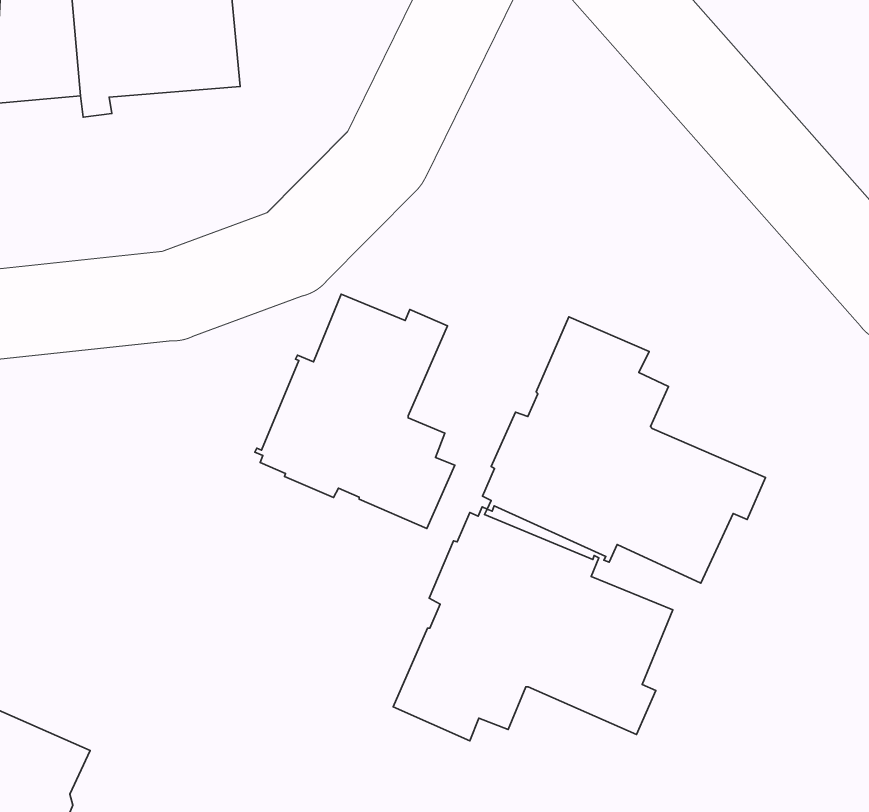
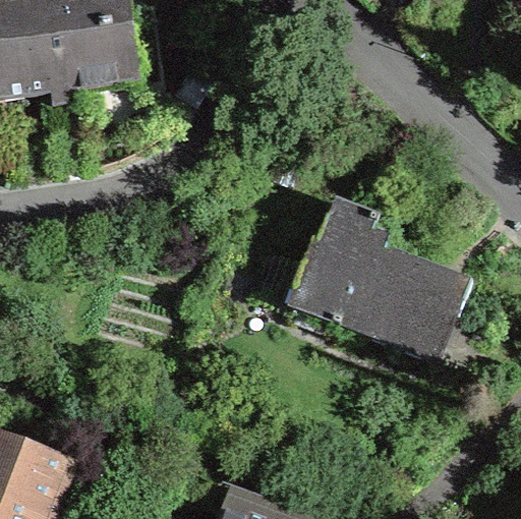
building: [255,294,455,529] -> none
building: [393,507,673,741] -> none

